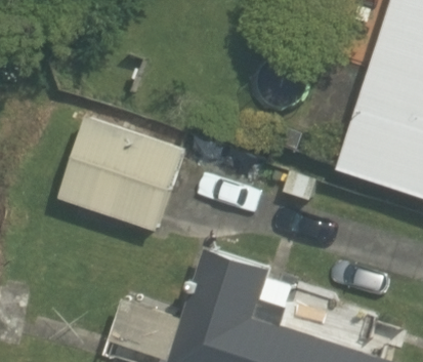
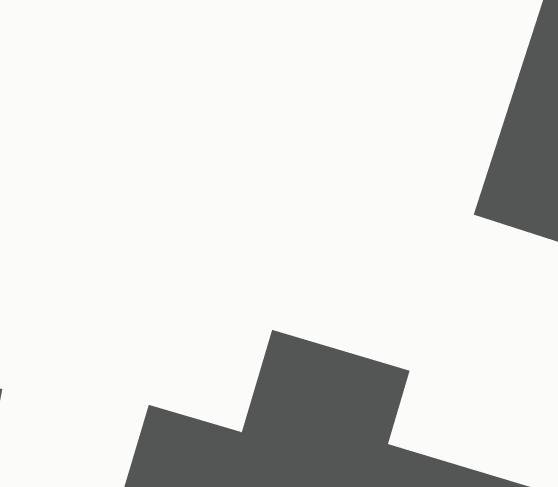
building: [58,114,185,232] -> none

